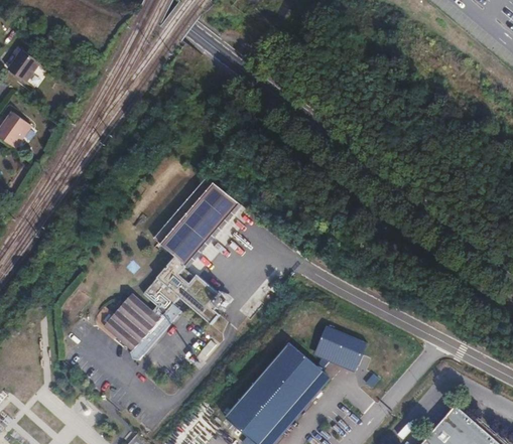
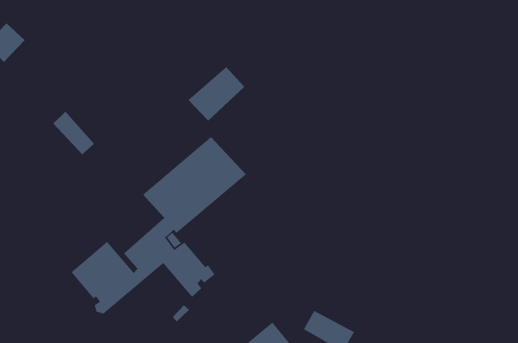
building: none -> [187,66,245,121]
building: none -> [53,111,95,155]

